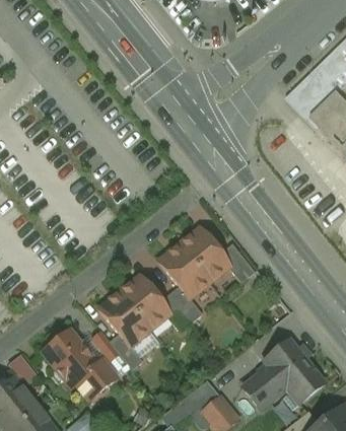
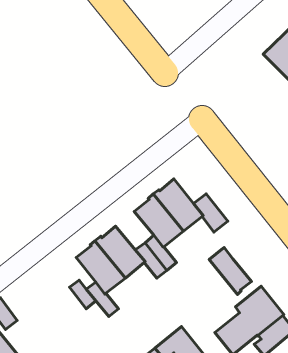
building: none -> [209,247,252,295]
building: [43,331,116,400] -> none

